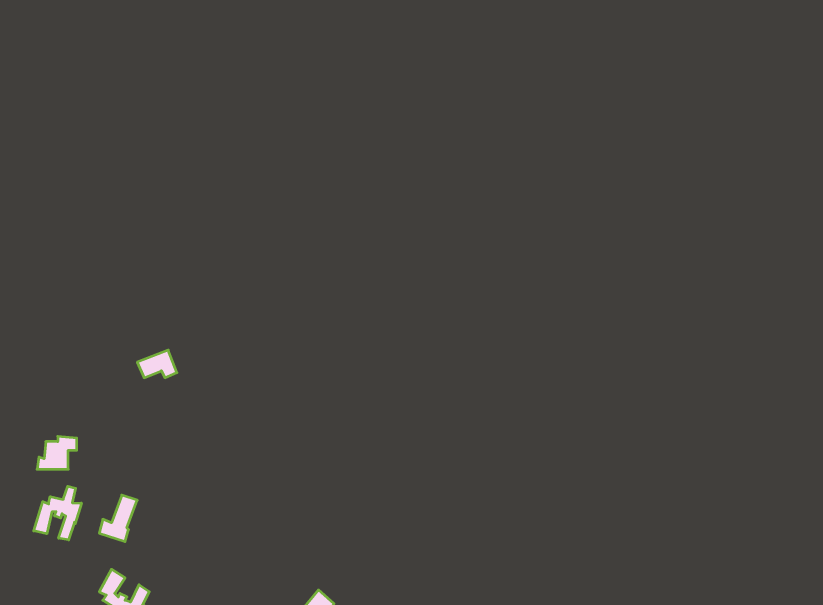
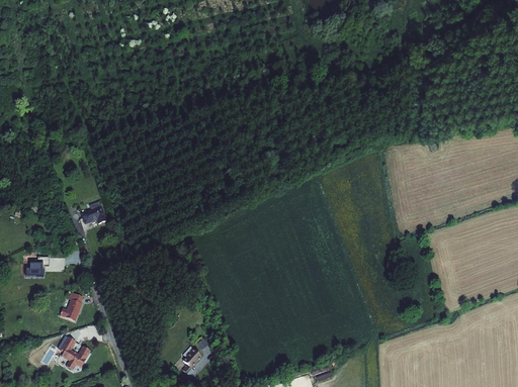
building: [34,486,81,540] -> none

